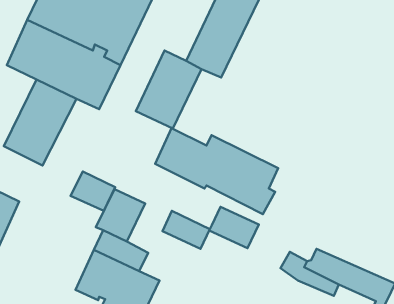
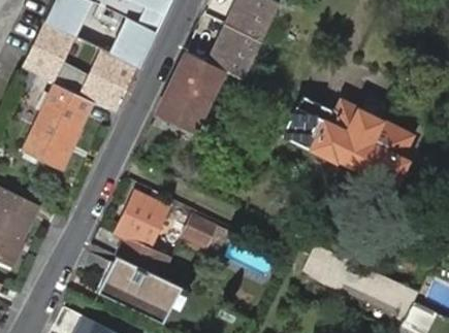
building: [155,128,278,214] -> [283,97,407,184]
building: [71,171,115,211] -> none
building: [209,207,259,248] -> none

